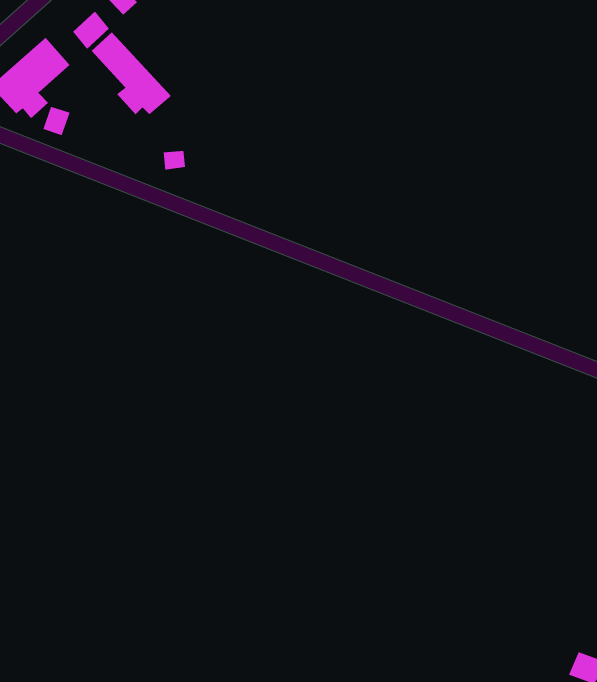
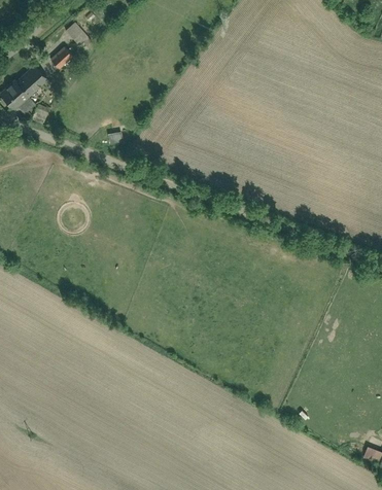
building: [91,31,172,115] -> none

